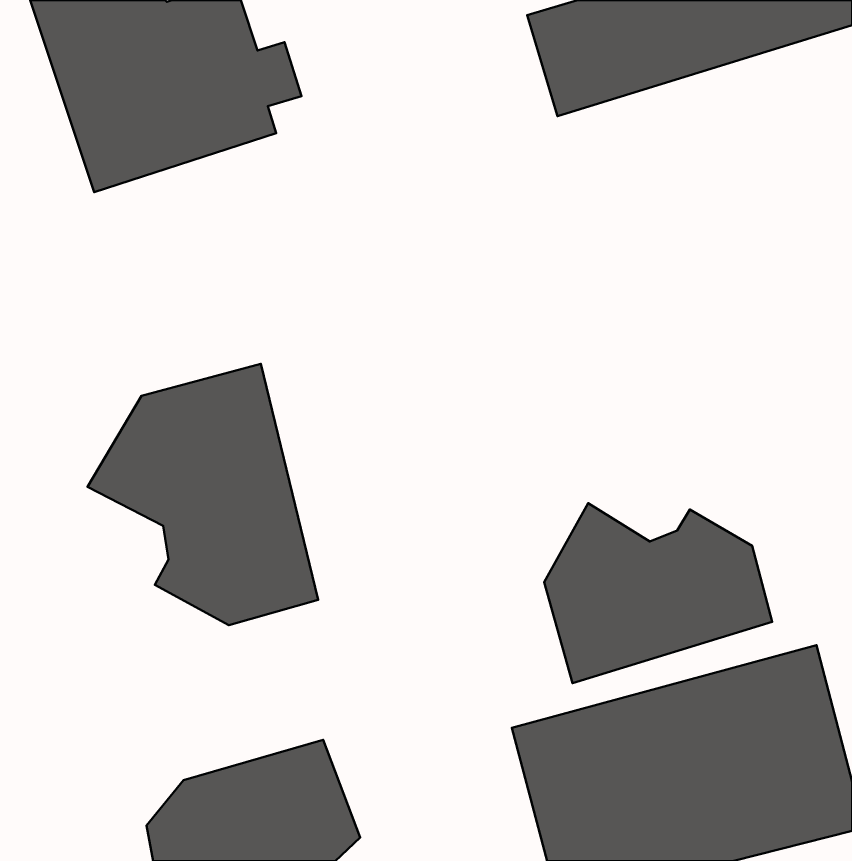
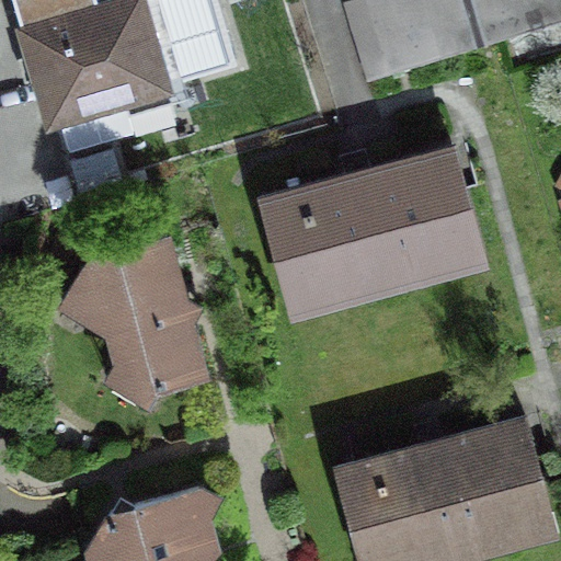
building: none -> [259,150,480,323]
building: [544,503,772,683] -> none

